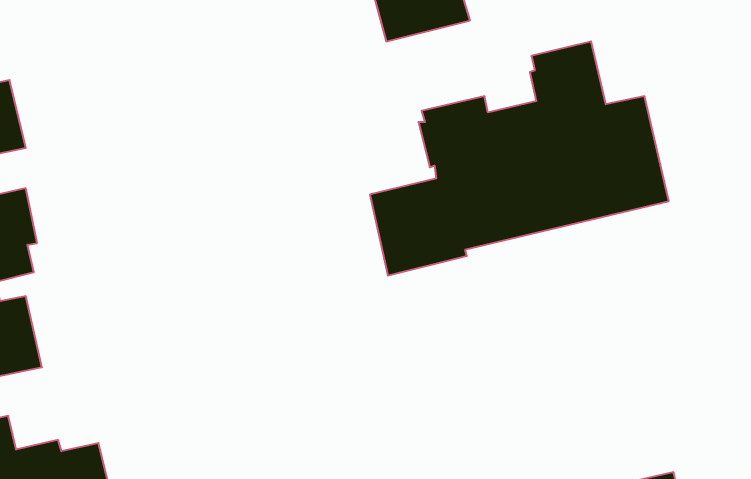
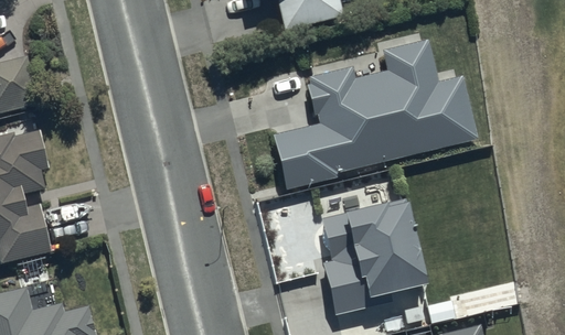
building: none -> [326,195,434,313]

